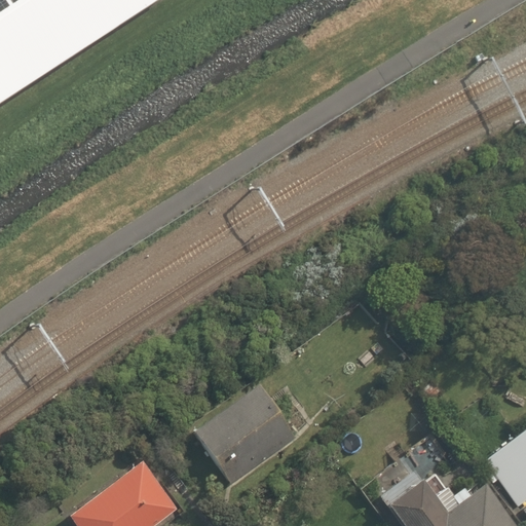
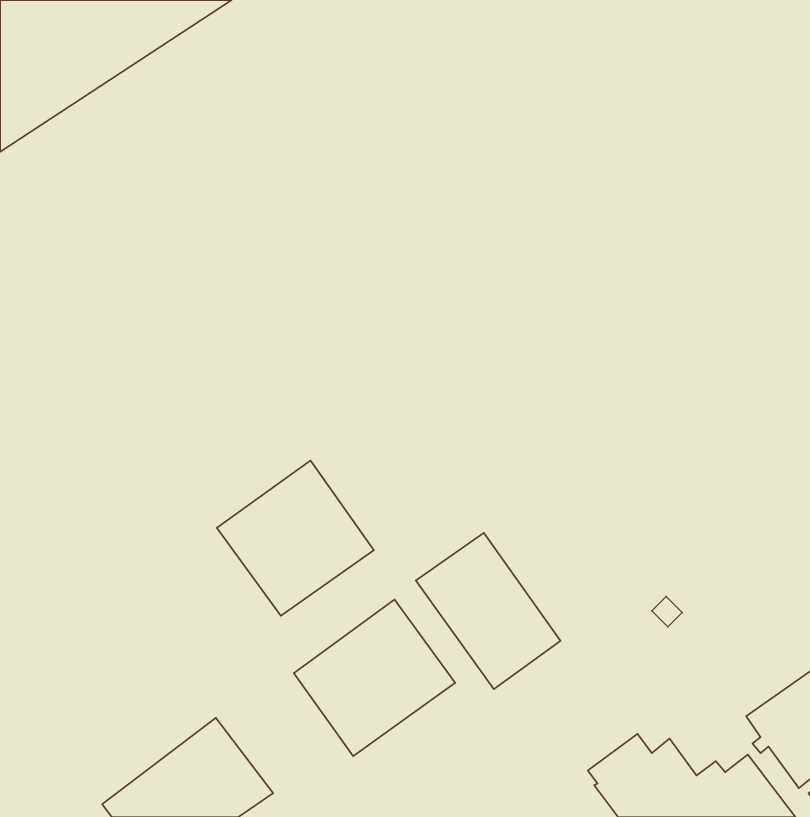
building: none -> [217,461,374,616]
building: none -> [416,533,560,689]

